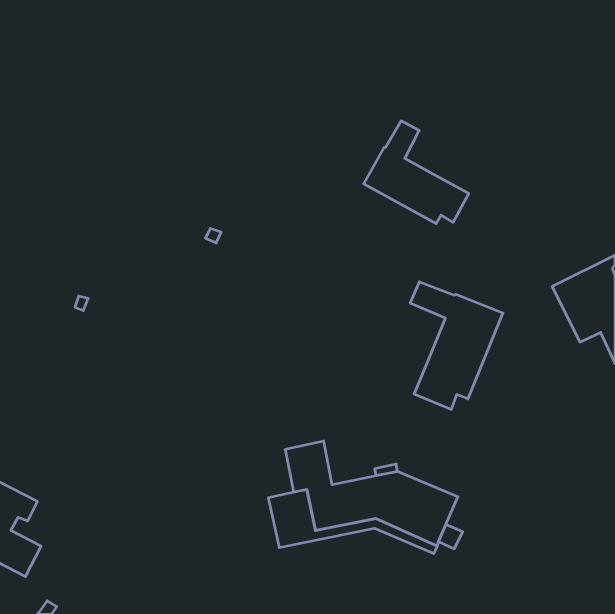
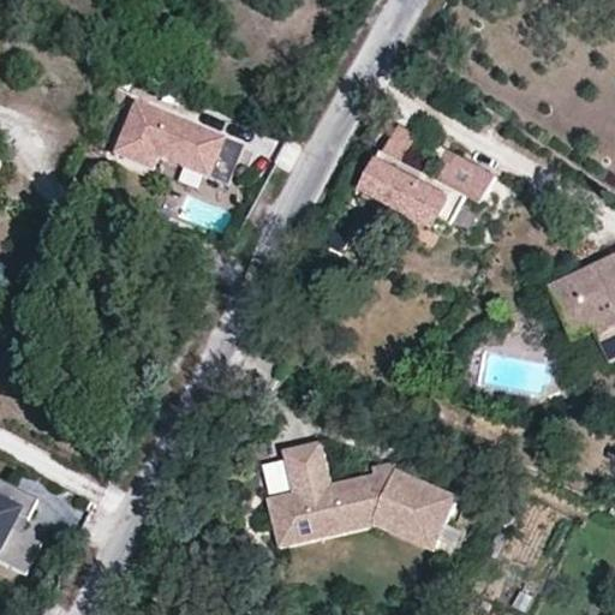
building: none -> [112,101,243,184]
building: none -> [437,145,495,199]
building: [410,282,503,409] -> none

